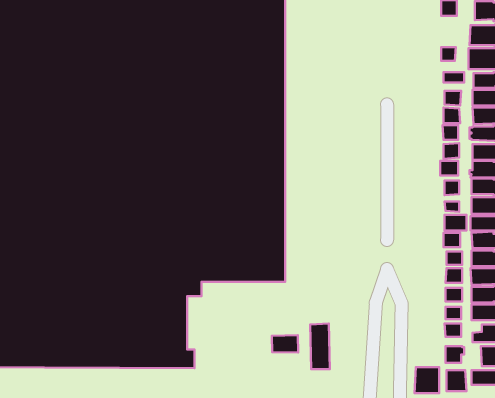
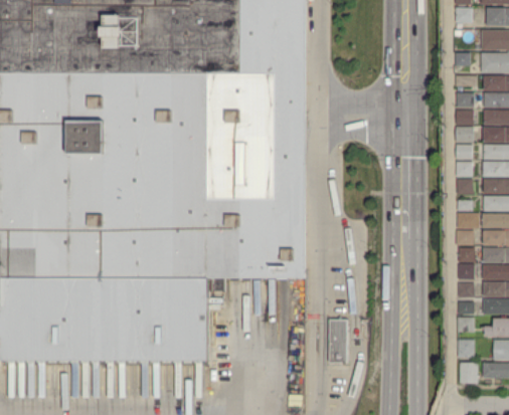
building: [272,335,298,353] -> none
building: [415,367,439,393] -> none

